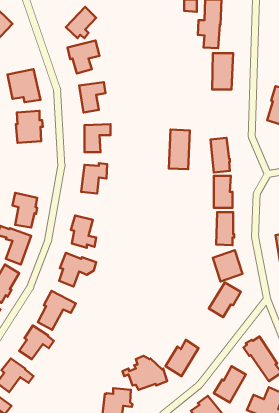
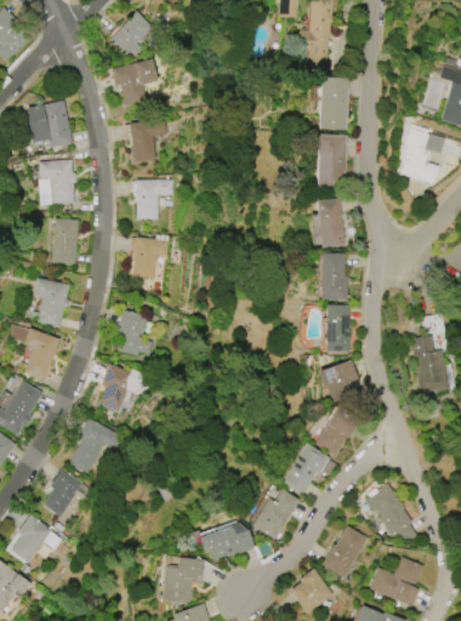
building: [169,130,190,169] -> [317,135,347,192]
building: none -> [52,218,78,264]
building: none -> [281,445,329,496]

